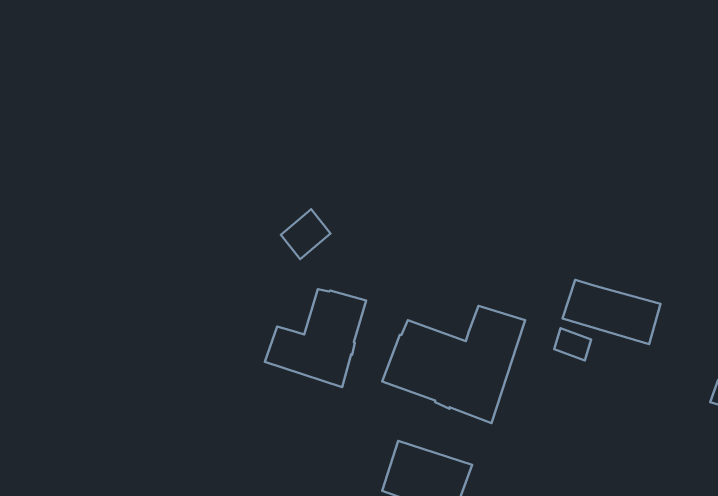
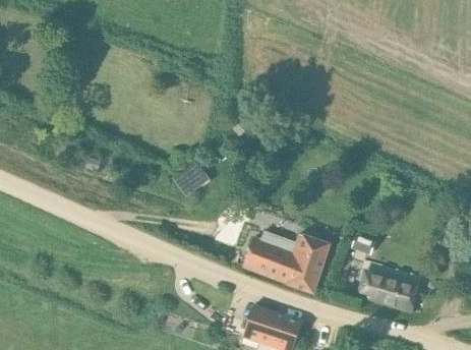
building: [562,280,660,344] -> [356,272,418,312]
building: [265,289,366,387] -> none

